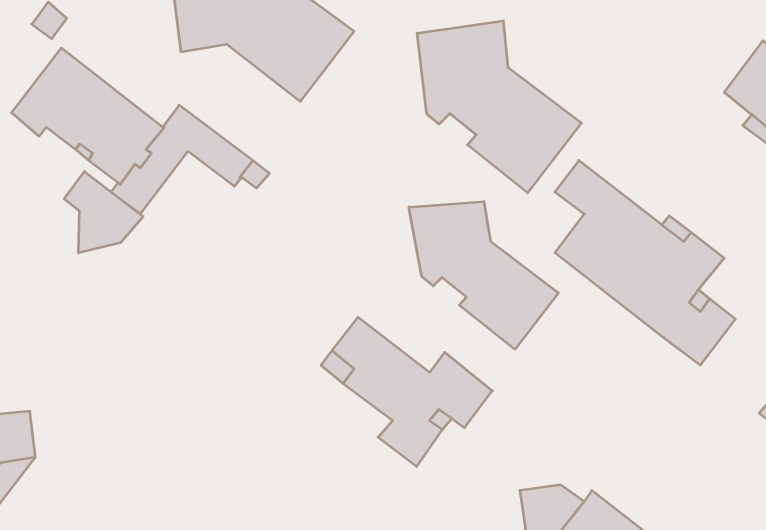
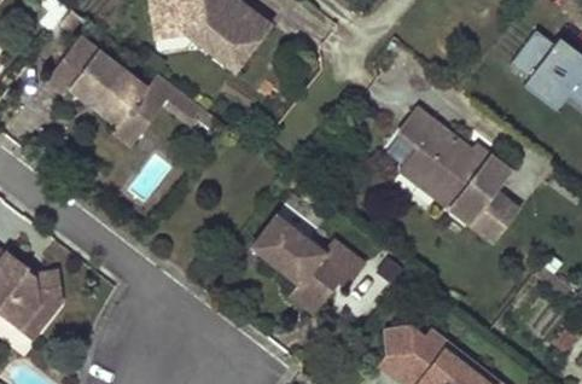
building: [417,21,581,193] -> none
building: [64,171,143,253] -> none
building: [409,201,558,349] -> none

